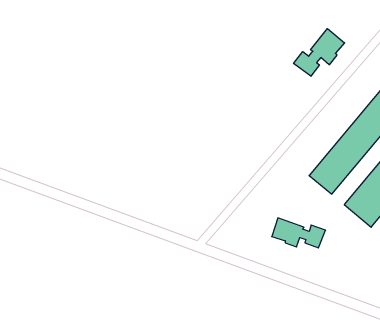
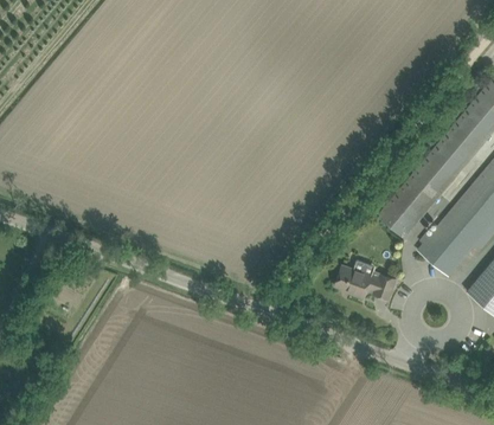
building: [294,29,345,76] -> none

